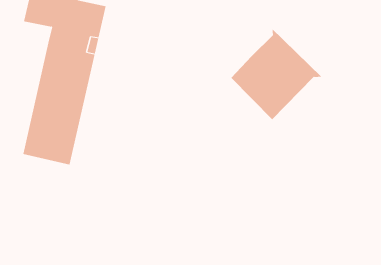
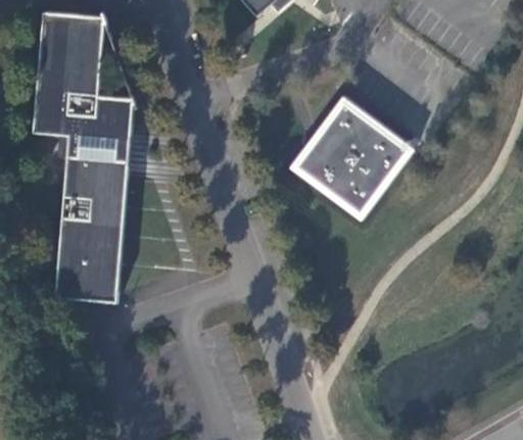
building: none -> [289,96,413,219]

